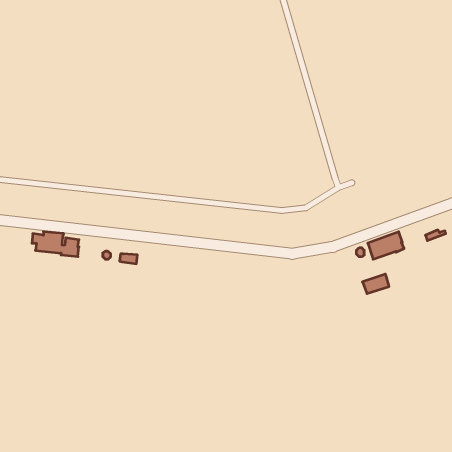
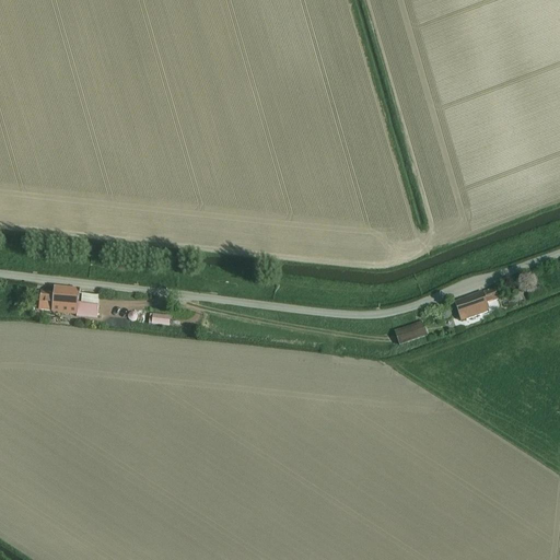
building: [362,274,389,294] -> [394,319,427,343]

